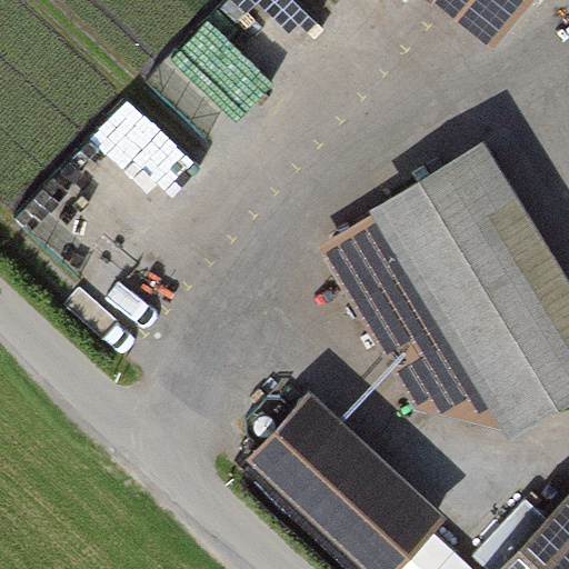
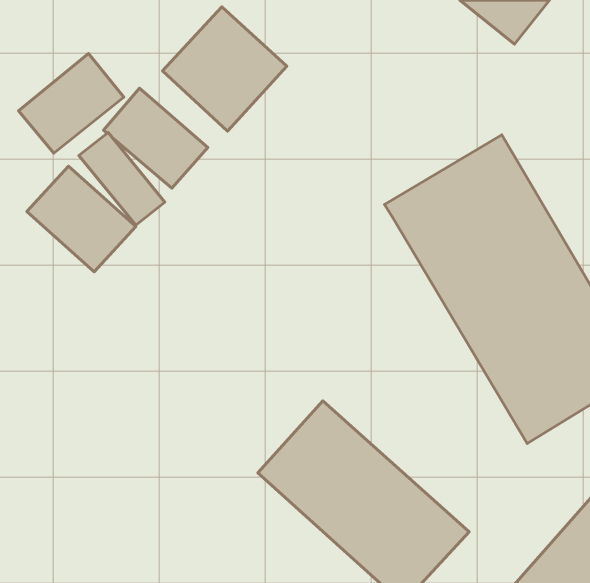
building: none -> [18,54,124,153]
building: [321,218,508,435] -> none

